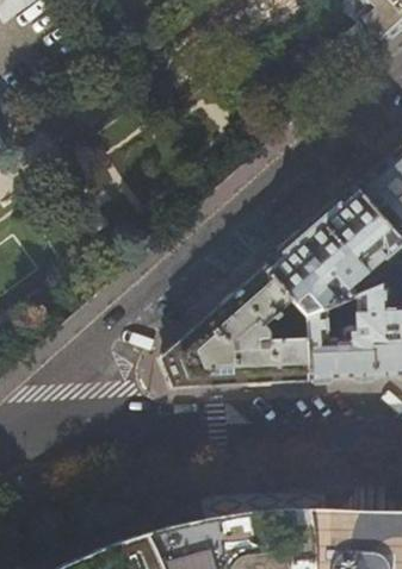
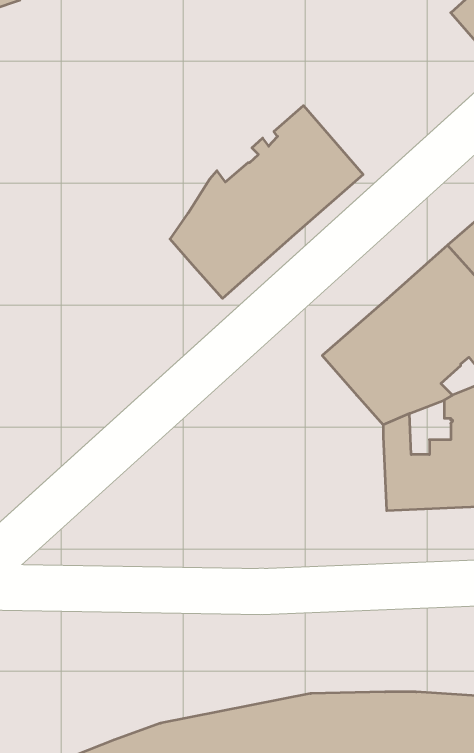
building: none -> [170,106,363,298]
building: [162,268,311,386] -> none

